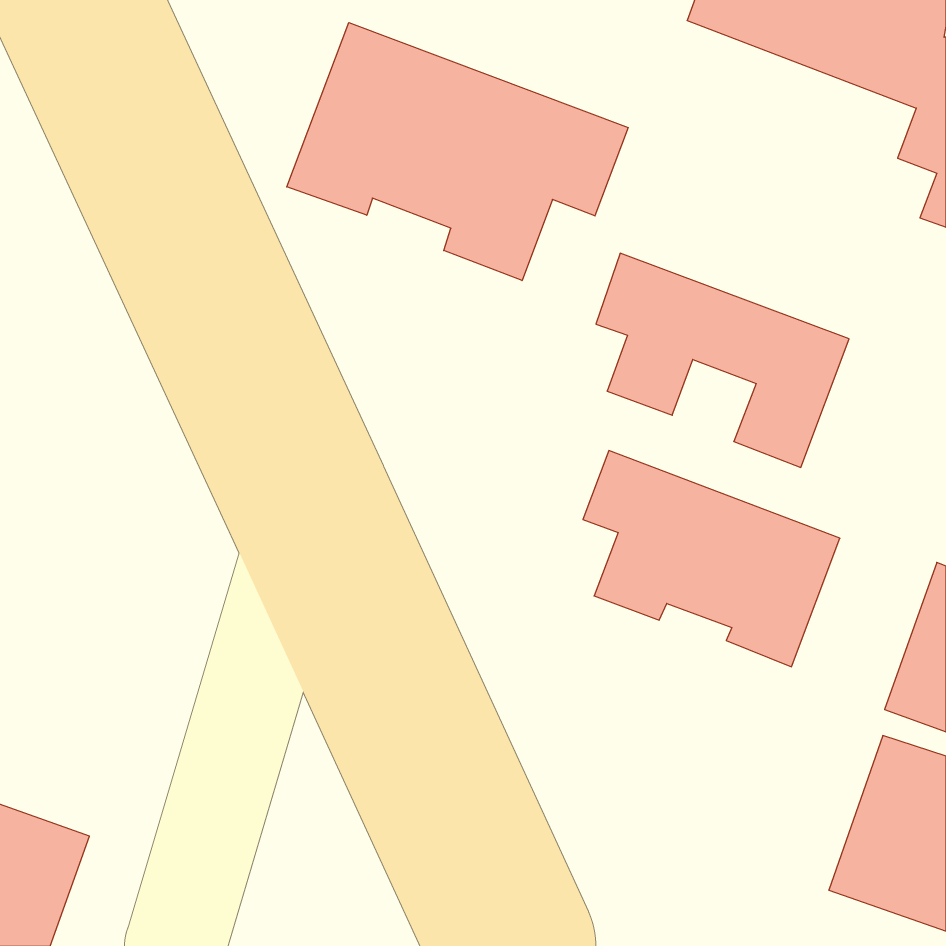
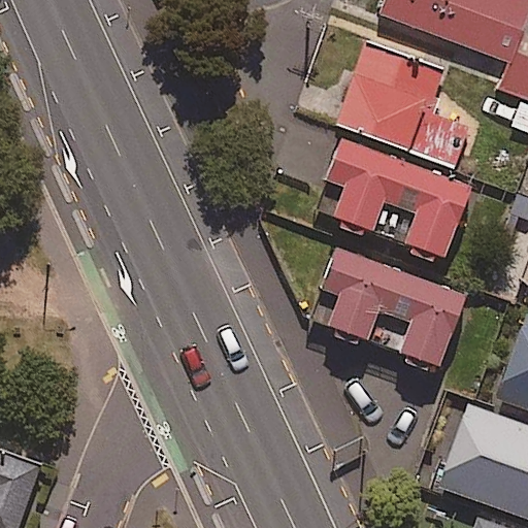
building: [287,23,628,281] -> none
building: none -> [338,43,467,164]

